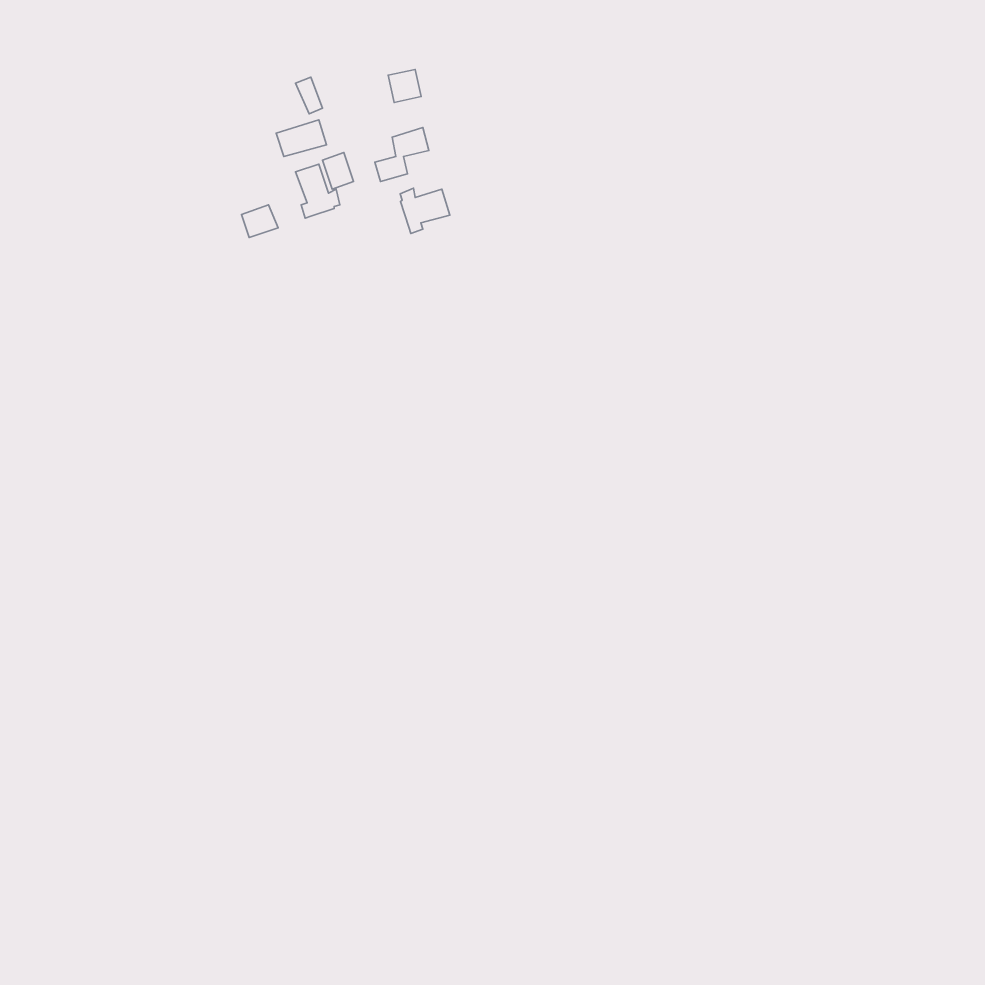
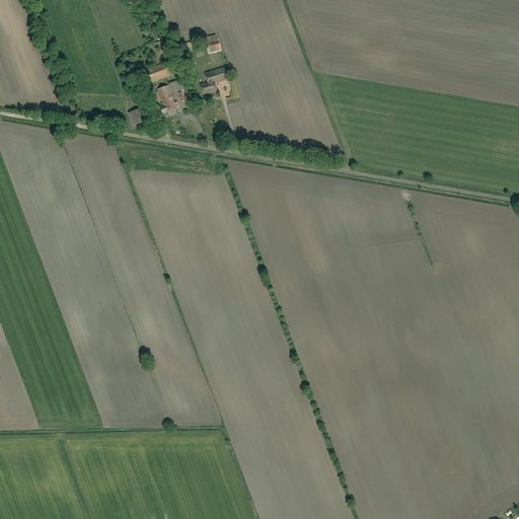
building: [400,188,450,234] -> none

